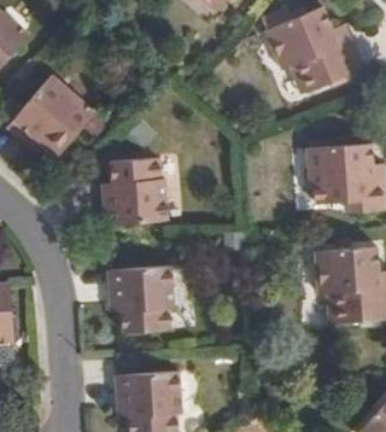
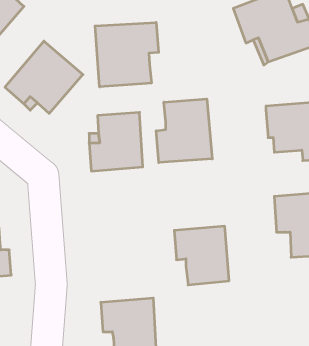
building: none -> [95,22,159,87]
building: none -> [156,99,212,163]
building: [110,264,172,332] -> [174,226,229,285]

